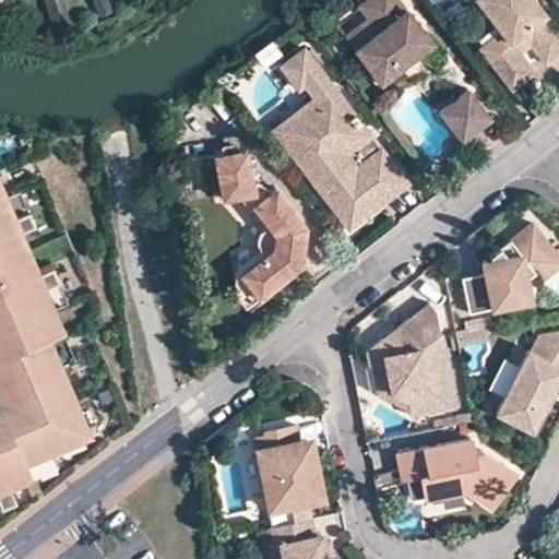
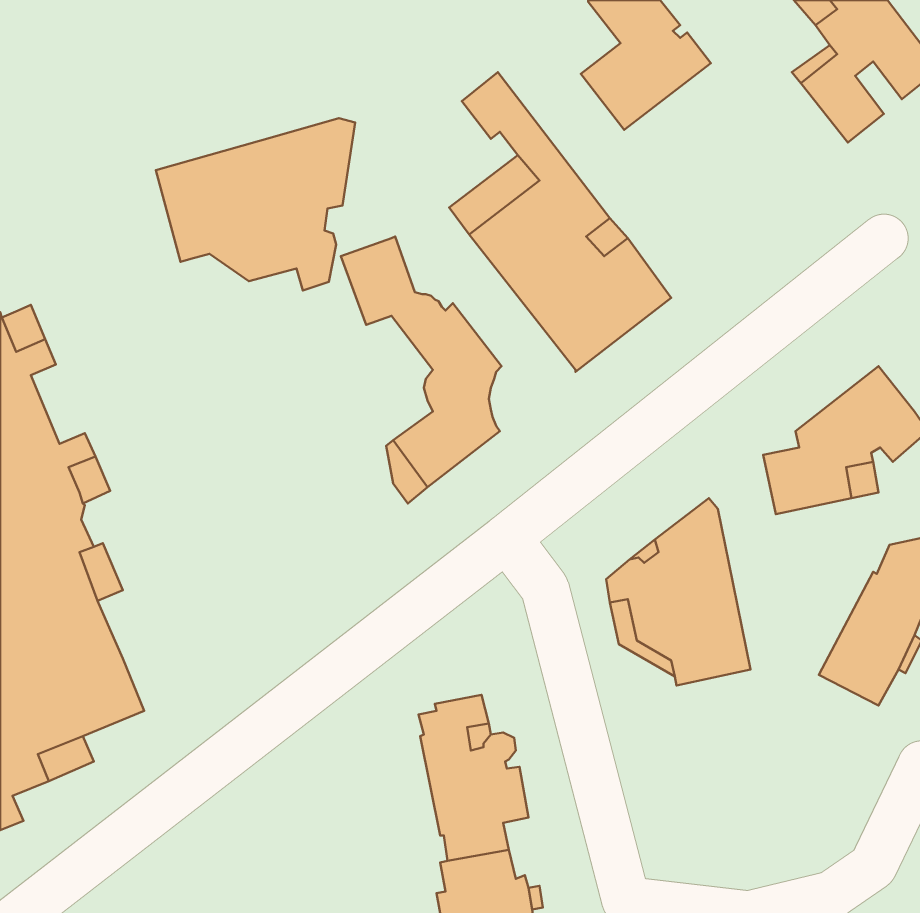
building: none -> [156,118,355,291]
building: [439,91,491,143] -> none
building: [399,440,510,511] -> none

